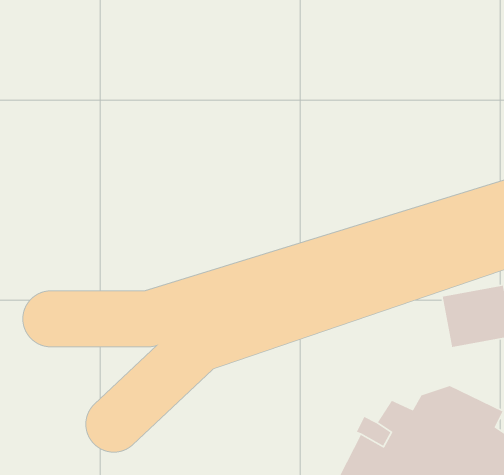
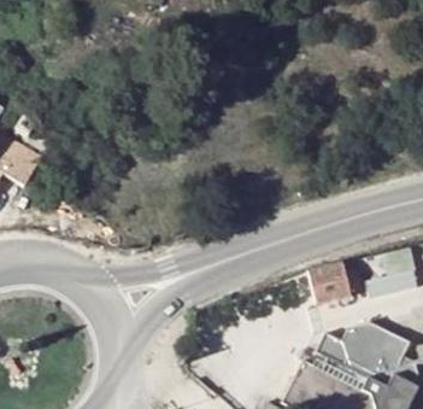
building: none -> [309,261,351,303]

